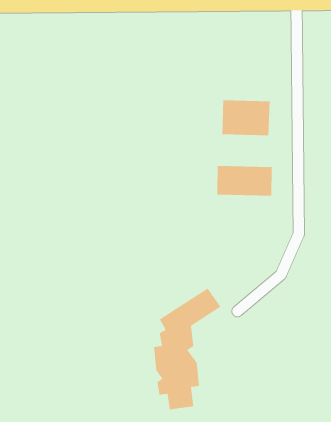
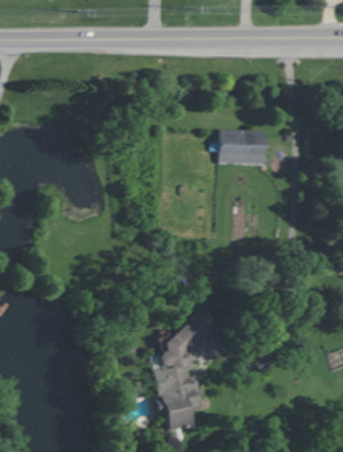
building: [216,165,272,196] -> none

